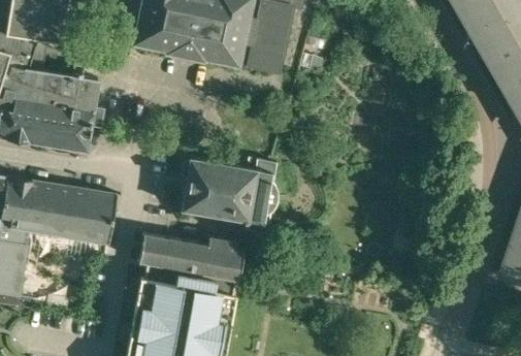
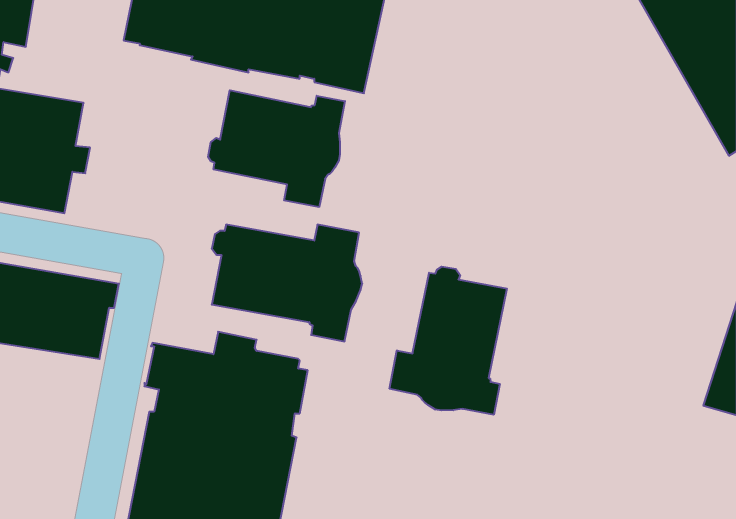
building: none -> [208,90,345,207]
building: none -> [390,267,507,415]

